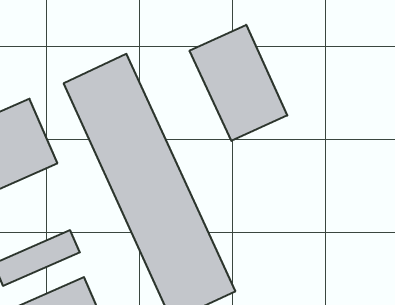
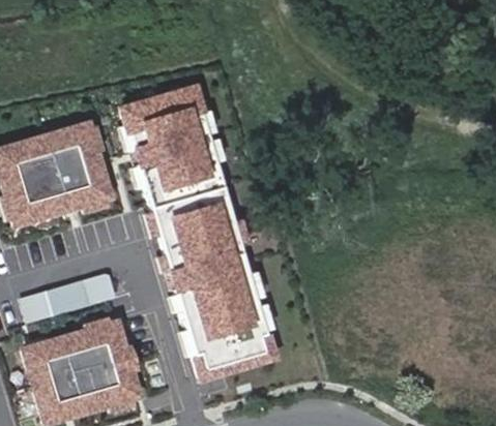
building: [190,25,287,141] -> none

